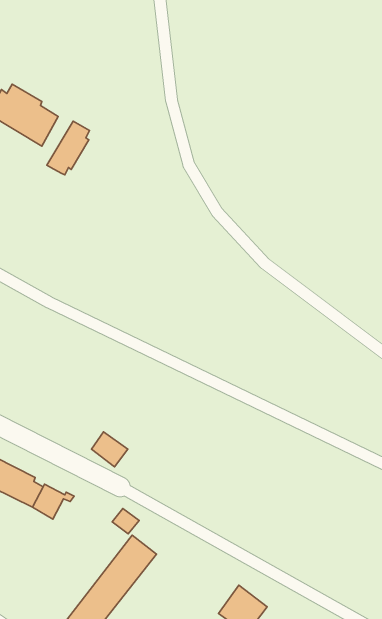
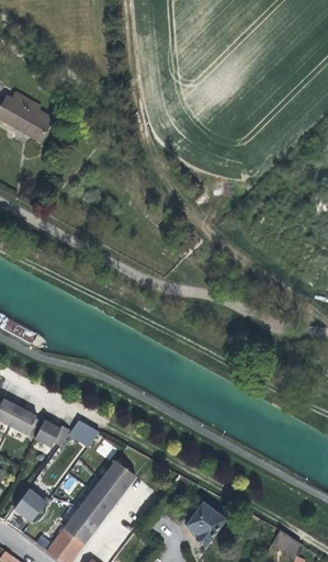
building: [47,121,90,175] -> none
building: [91,432,128,467] -> [69,419,99,448]
building: none -> [14,488,48,521]

